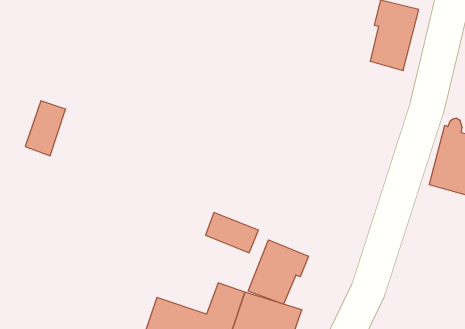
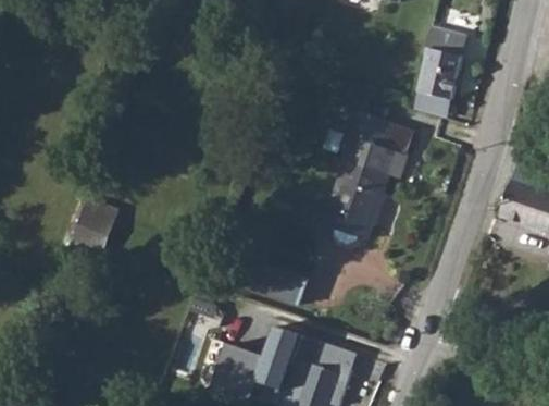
building: none -> [330,124,416,238]
building: [25,101,66,156] -> [71,204,113,261]
building: [248,240,308,304] -> none

